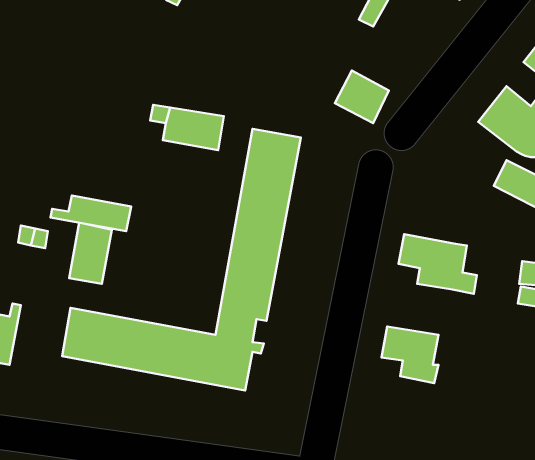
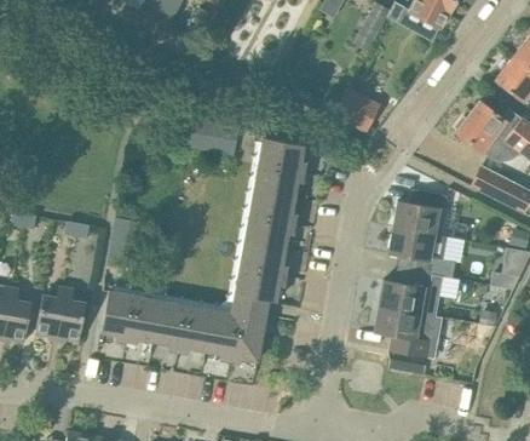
building: none -> [393,190,448,235]
building: [50,195,131,231] -> none
building: none -> [379,269,434,313]
building: none -> [57,287,87,342]

